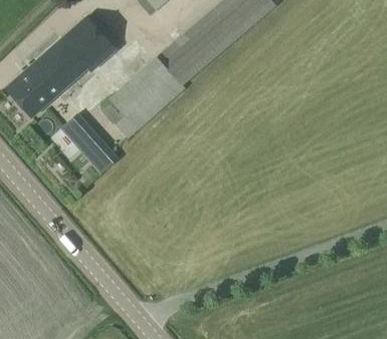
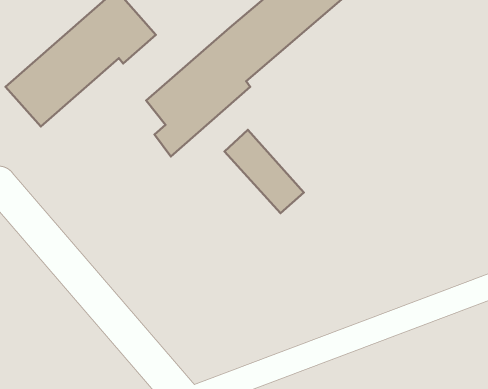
building: [60,112,119,174] -> [224,130,304,213]

